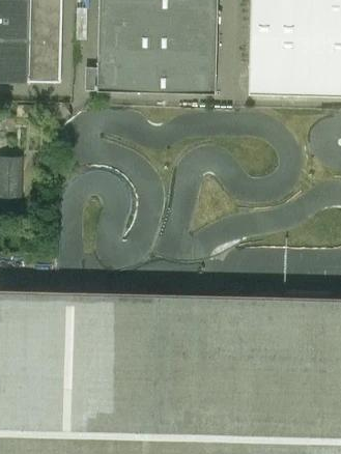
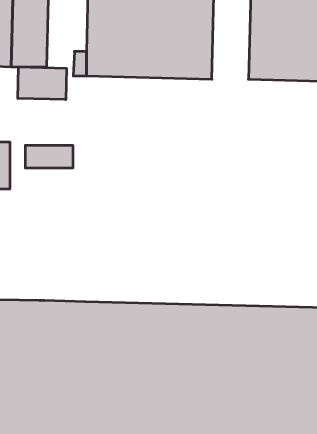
building: none -> [18,67,66,100]
building: none -> [25,145,73,168]

